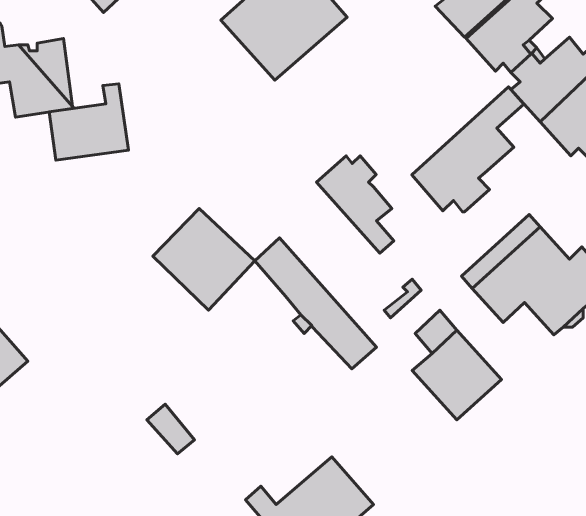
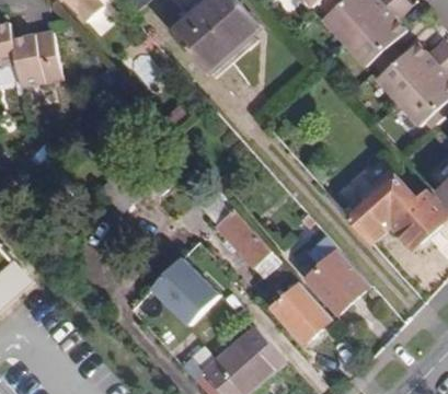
building: [49,84,128,160] -> none
building: [412,87,524,212] -> none
building: [317,156,394,253] -> none
building: [153,208,255,310] -> [145,252,217,324]
building: none -> [269,280,330,340]

